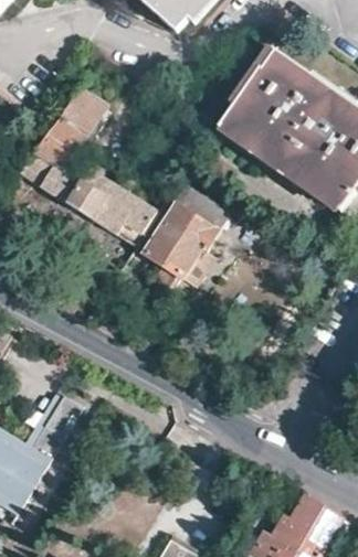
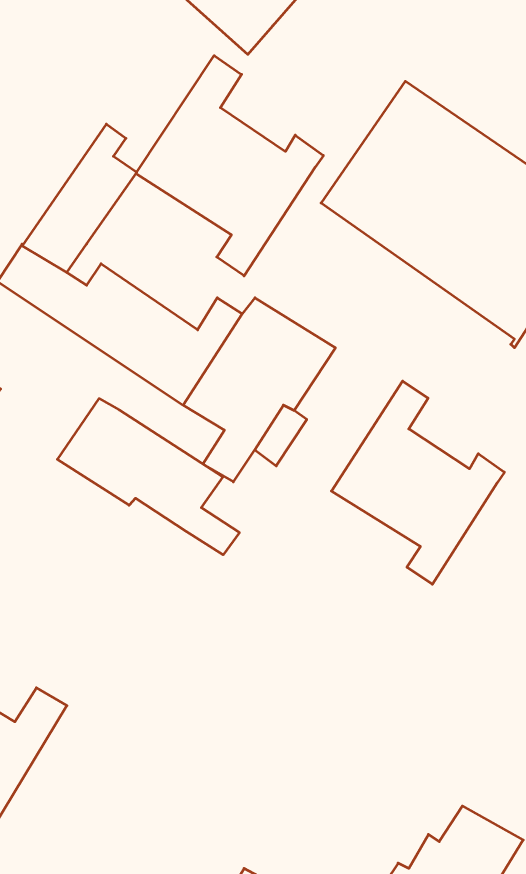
building: none -> [136,56,323,276]
building: none -> [331,381,504,584]
building: none -> [57,399,239,555]

